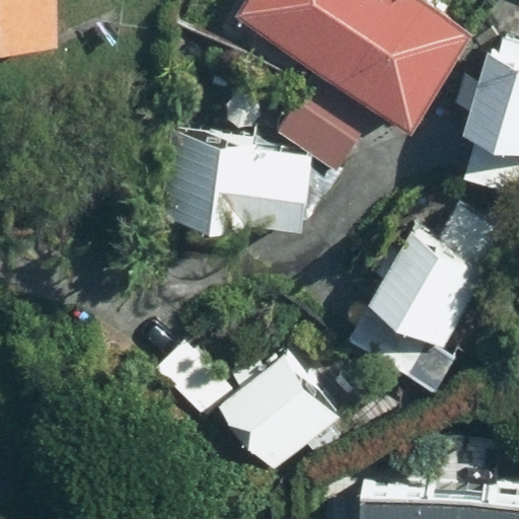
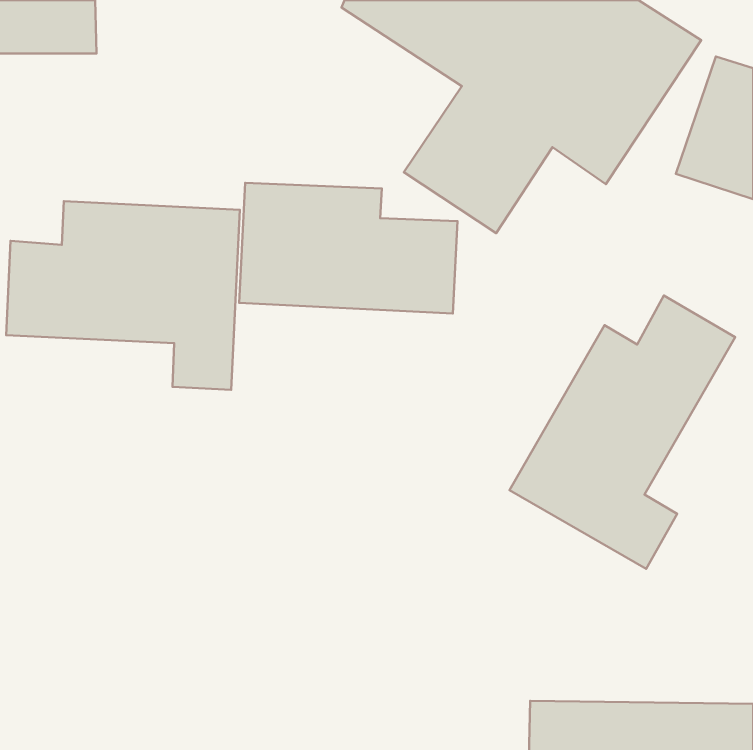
building: none -> [6,201,240,390]
building: [153,341,342,470] -> none

